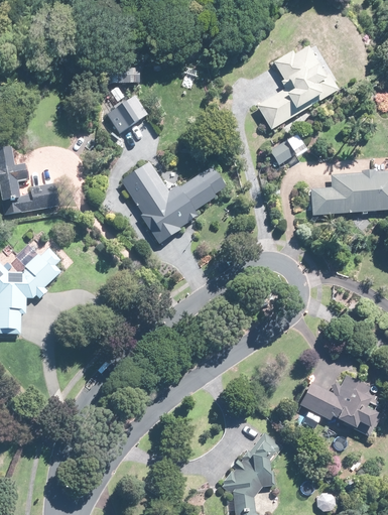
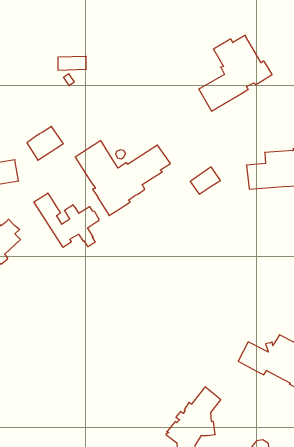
building: [107,96,147,133] -> [27,126,63,160]
building: [269,134,302,164] -> [190,167,220,194]
building: none -> [34,193,99,247]

